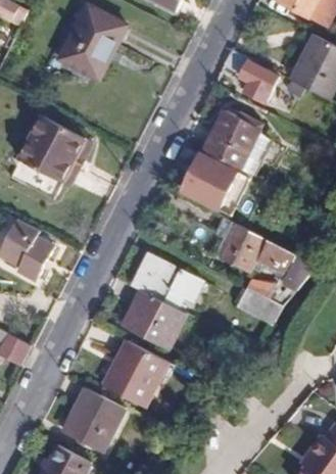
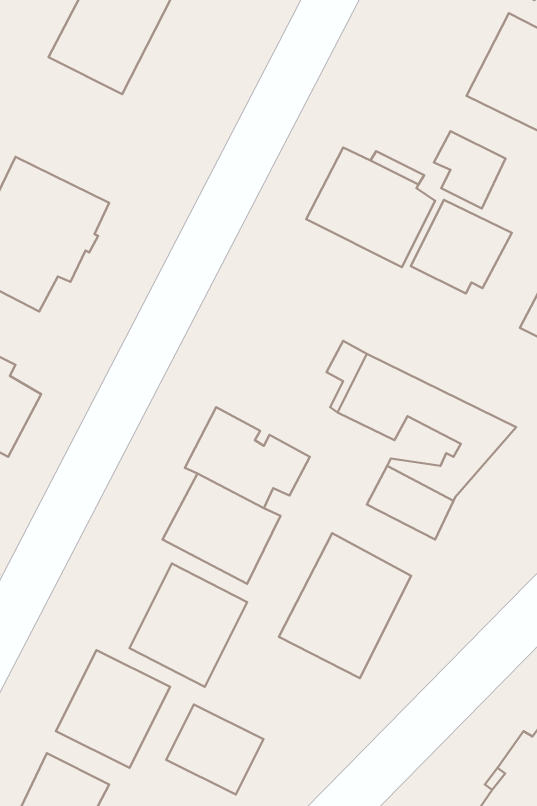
building: [238,60,278,103] -> [434,131,506,208]
building: [181,153,237,205] -> [411,200,512,294]
building: none -> [279,533,411,678]
building: none -> [166,704,264,795]

